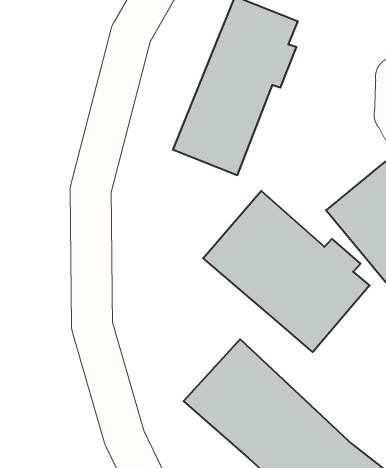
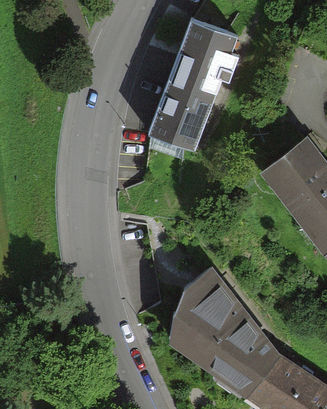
building: [203,191,370,352] -> none

